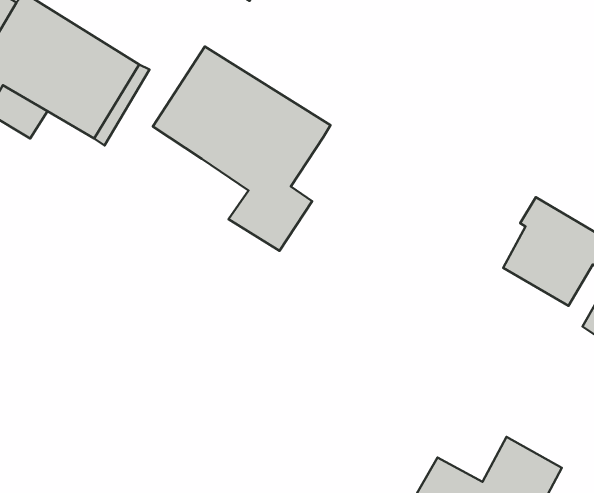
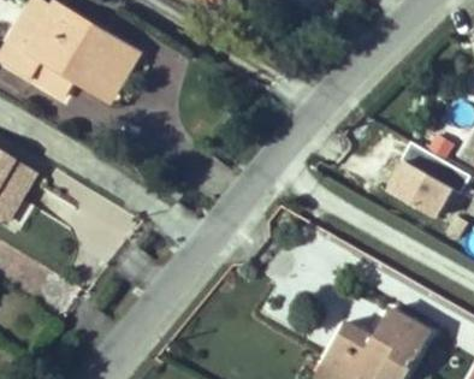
building: [153,46,331,251] -> none

